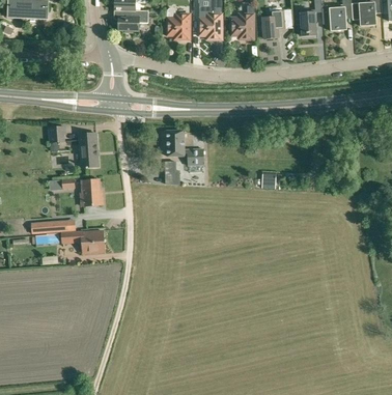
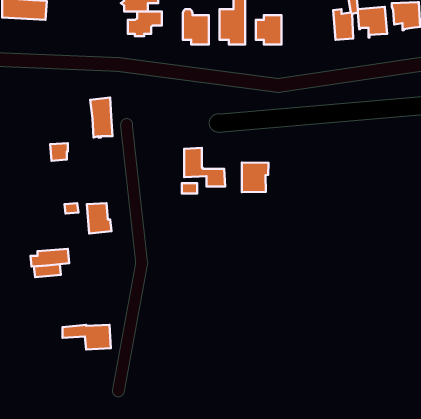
building: [262,10,285,38] -> none
building: [79,133,99,168] -> [90,97,112,137]
building: none -> [242,162,269,192]
building: [62,231,105,253] -> [63,325,111,349]

